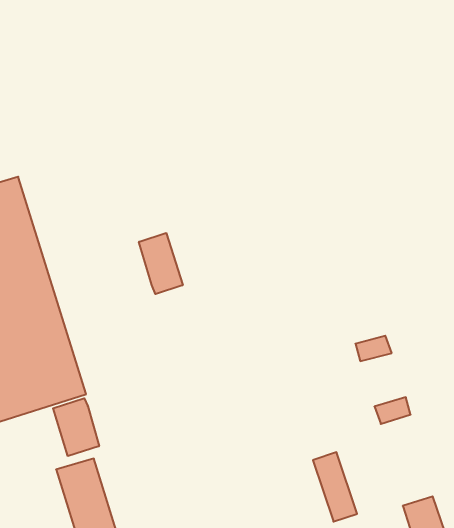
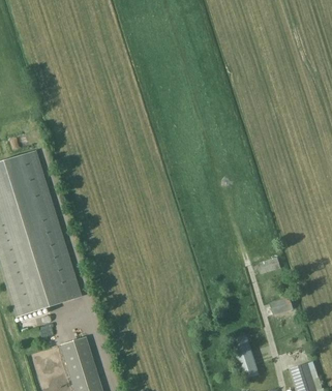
building: [139,233,183,294] -> none
building: [53,398,99,456] -> none

